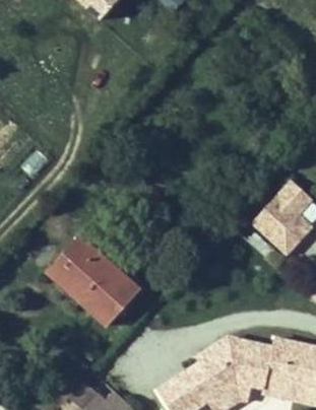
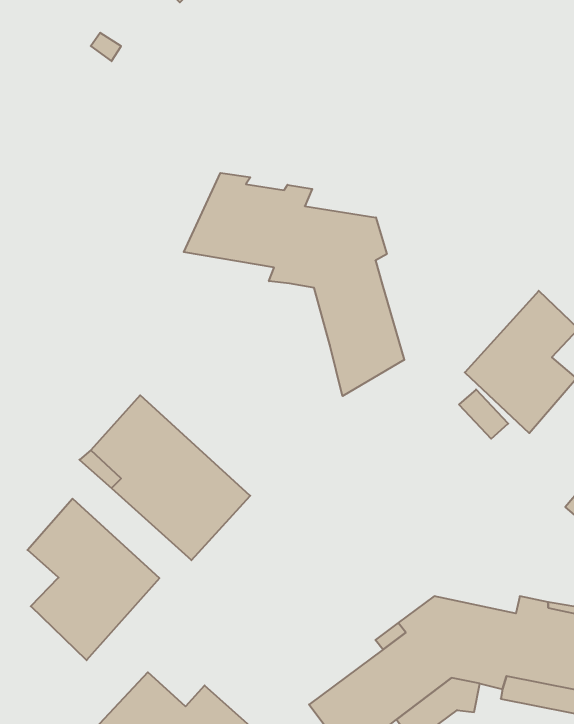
building: none -> [184,173,404,396]
building: none -> [27,499,159,660]

